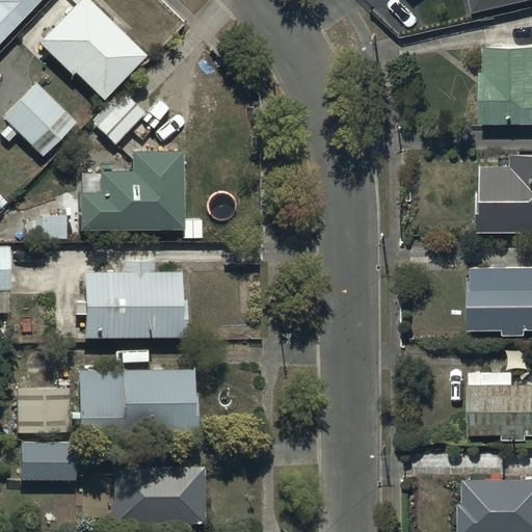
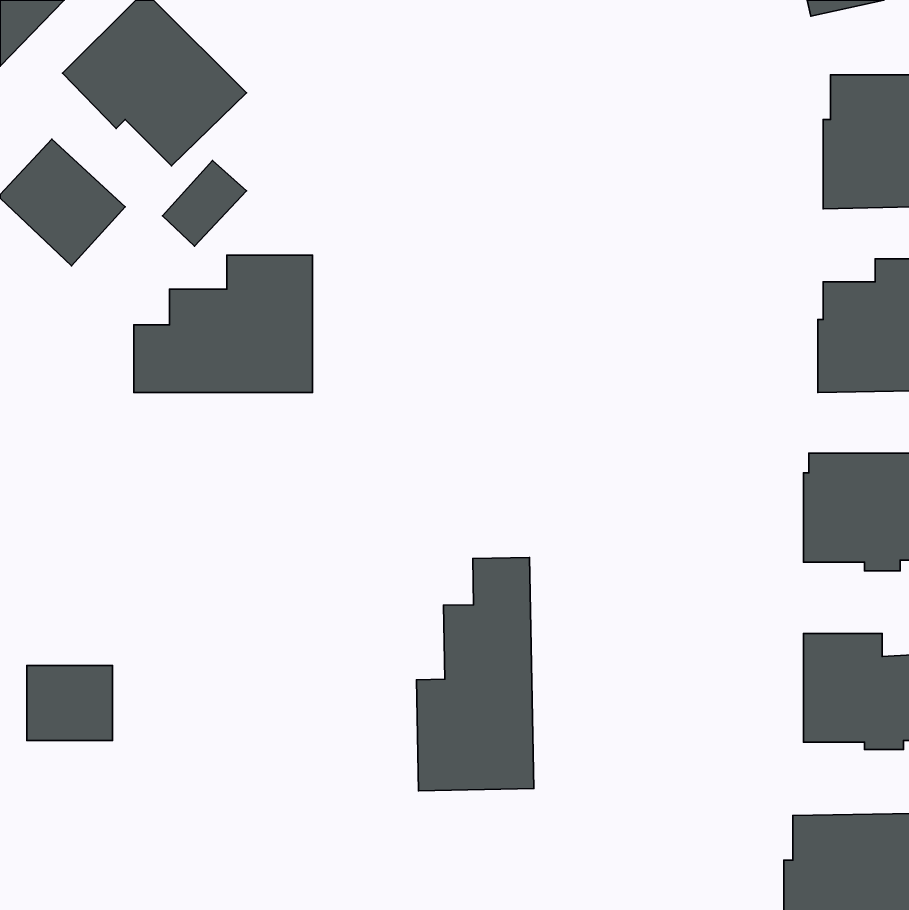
building: [84,272,187,339] -> none
building: none -> [416,557,534,791]
building: [79,368,196,437] -> none
building: [21,442,74,479] -> none
building: [108,464,204,524] -> none

